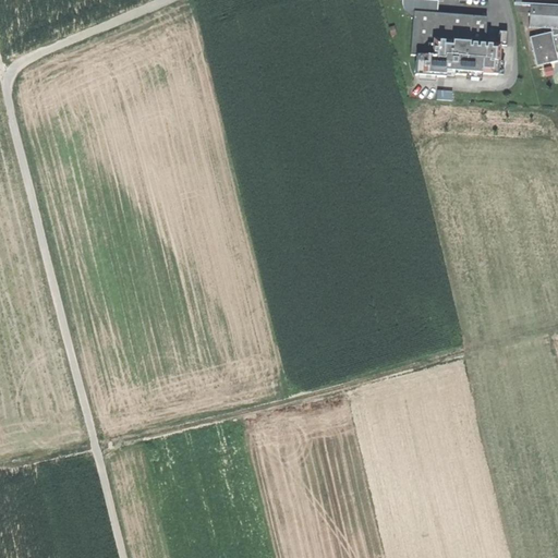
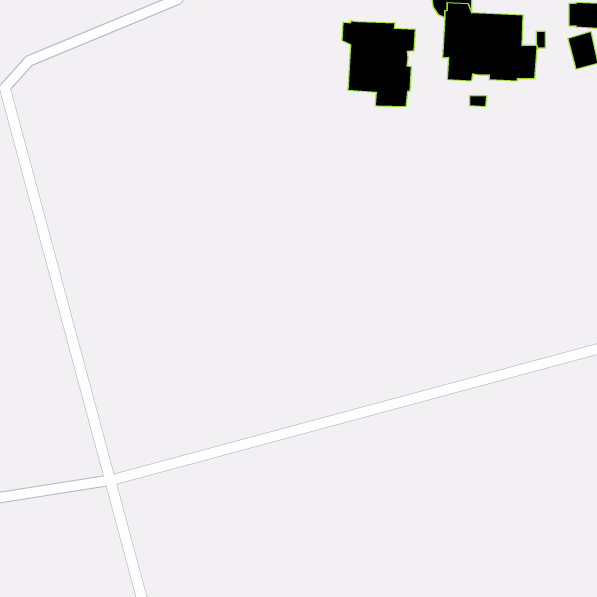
building: none -> [342,21,415,107]

